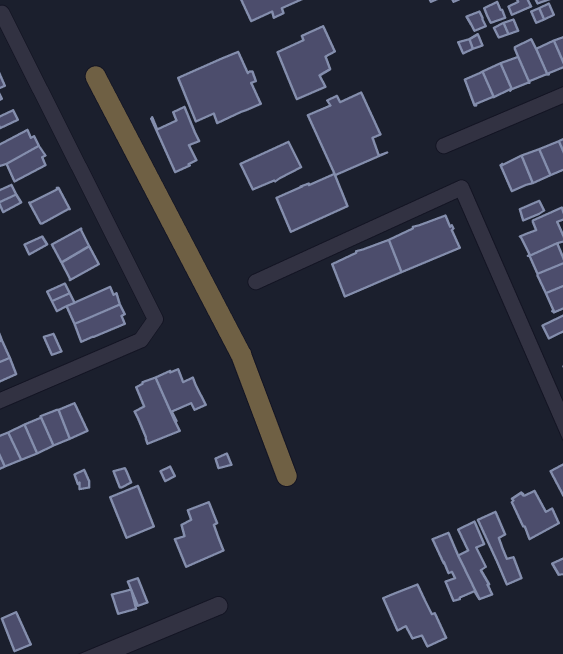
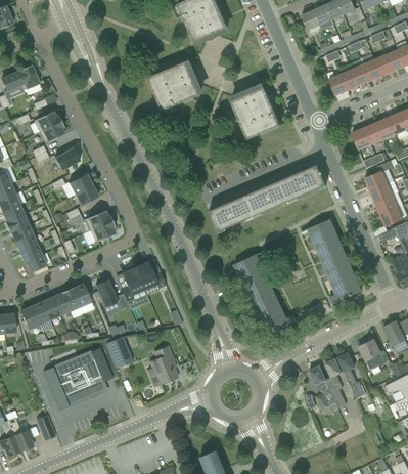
building: [277,26,335,99] -> none
building: [151,107,199,172] -> none
building: [240,142,301,189] -> none
building: [276,174,348,232] -> [209,196,254,232]
building: none -> [301,219,361,303]
building: none -> [233,251,296,336]
building: none -> [95,279,128,309]
building: none -> [43,347,112,411]
building: [383,584,446,646] -> none

